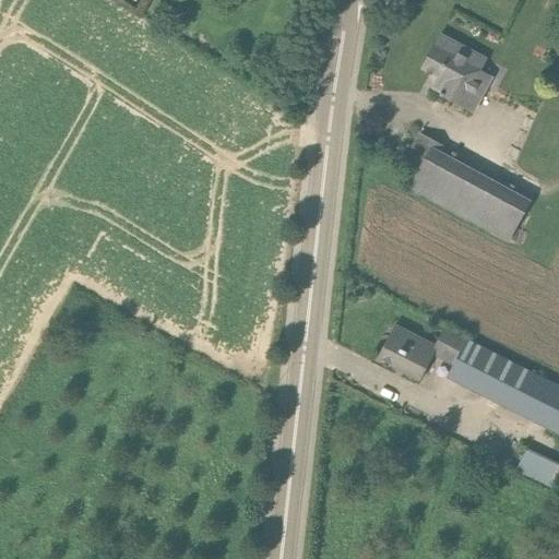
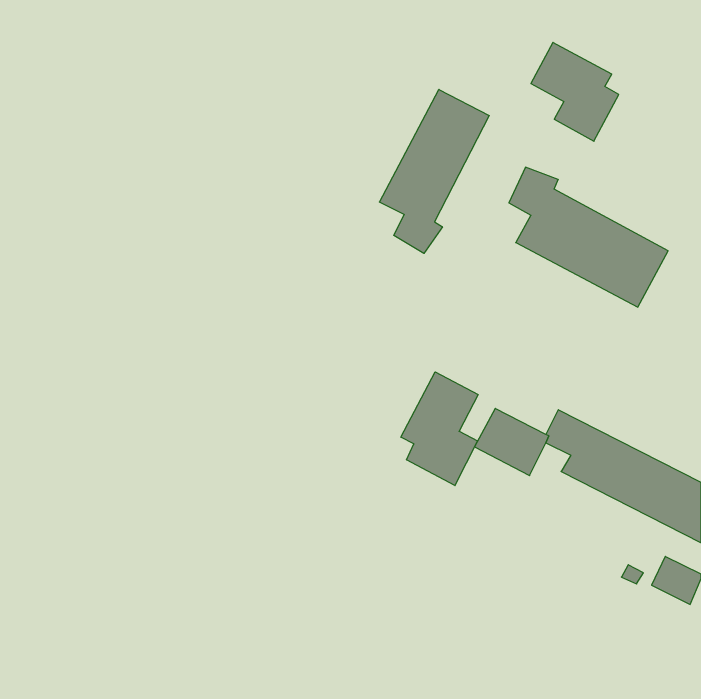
building: none -> [379,89,489,253]
building: none -> [401,372,478,486]

